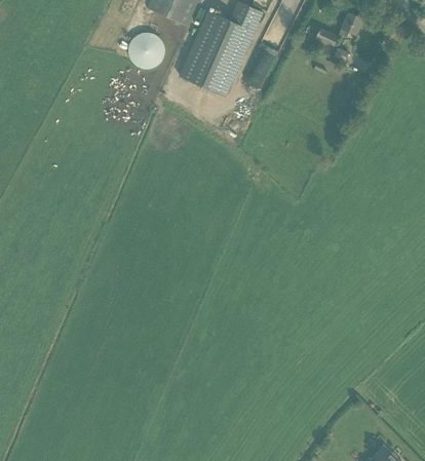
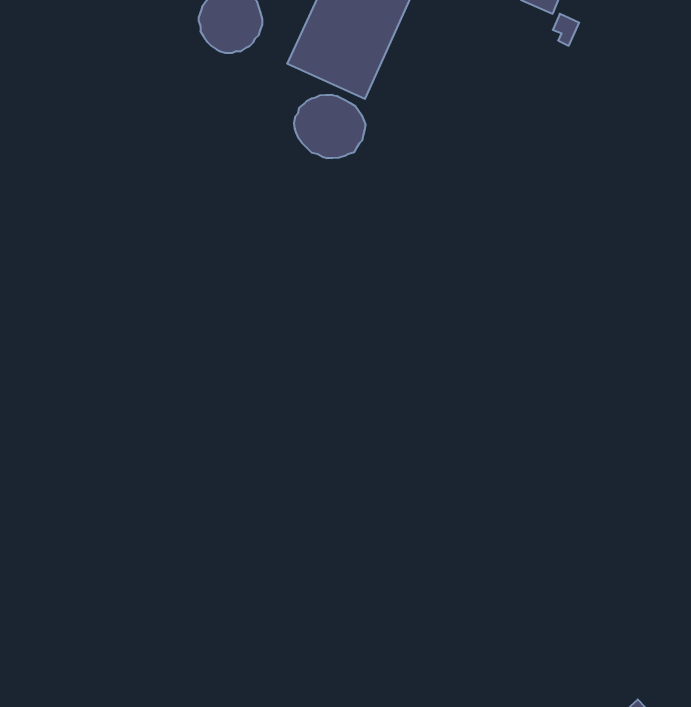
building: none -> [294,95,365,158]

